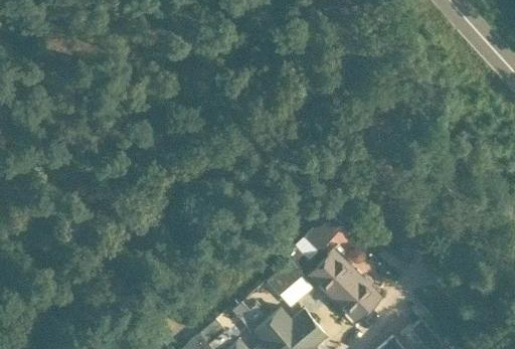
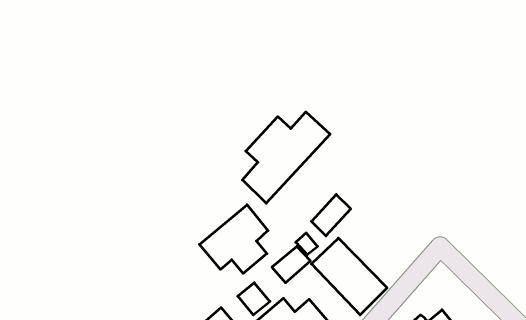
building: none -> [242,112,330,203]
building: none -> [199,205,268,273]

